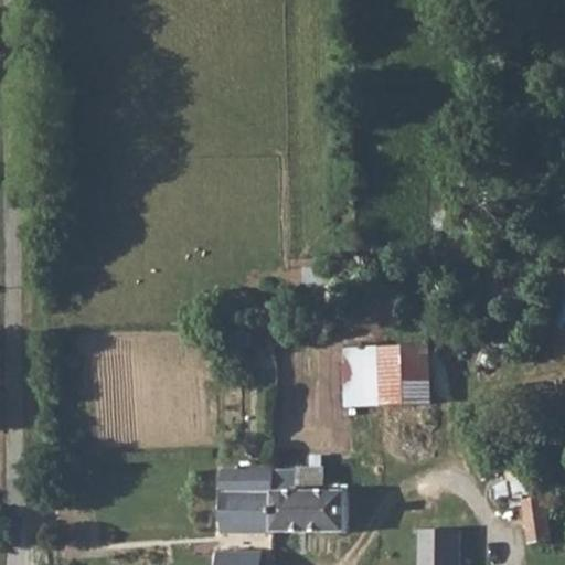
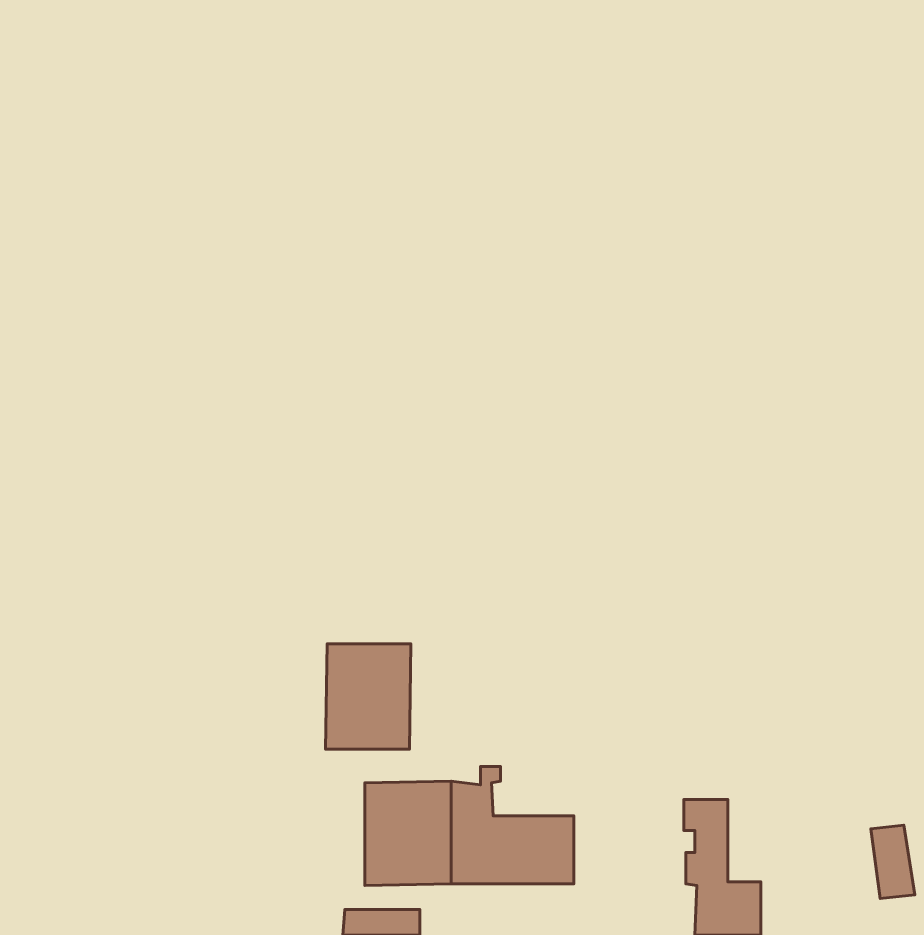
building: [340,343,430,405] -> none
building: none -> [326,644,411,749]

